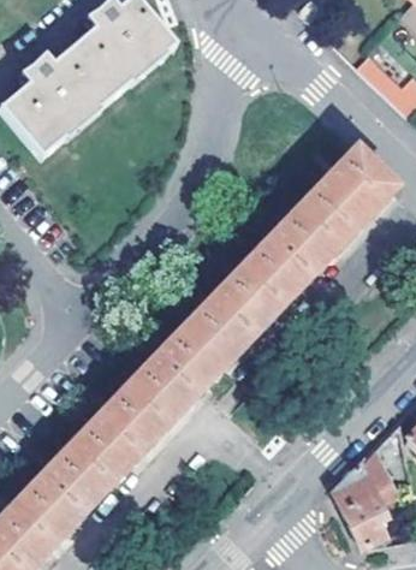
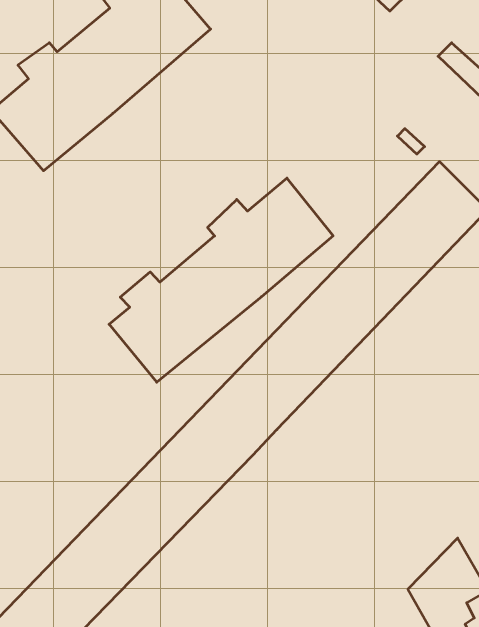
building: none -> [109,178,333,382]

